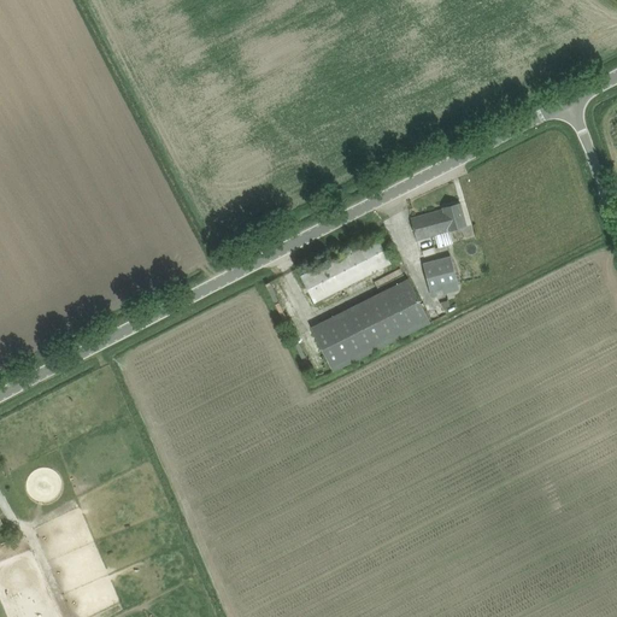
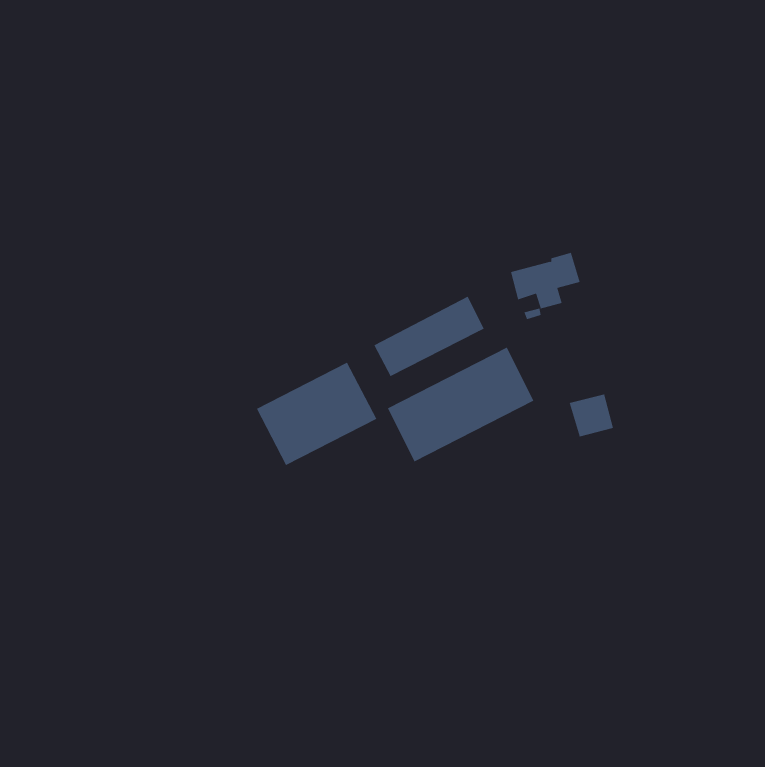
building: [422,257,458,292] -> [569,394,614,437]
building: none -> [256,362,377,466]

